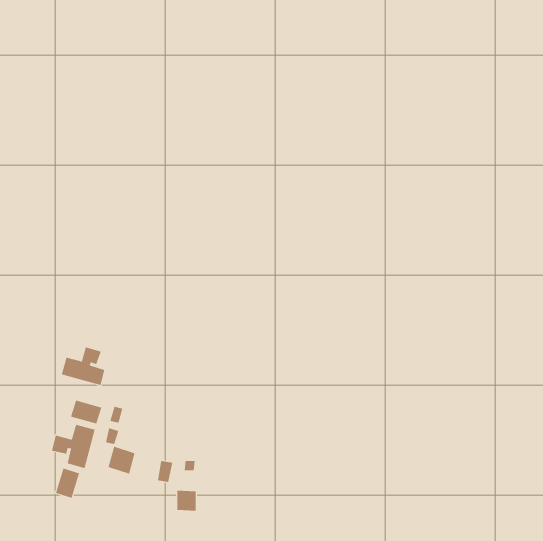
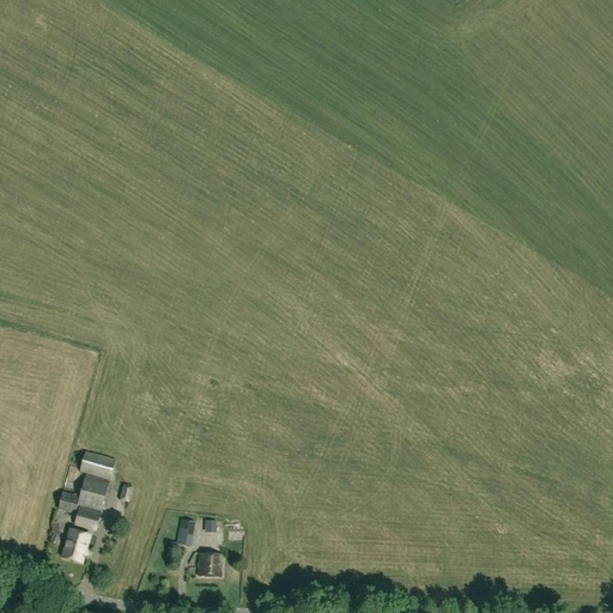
building: [61,347,105,386] -> none
building: [108,446,135,474] -> none

